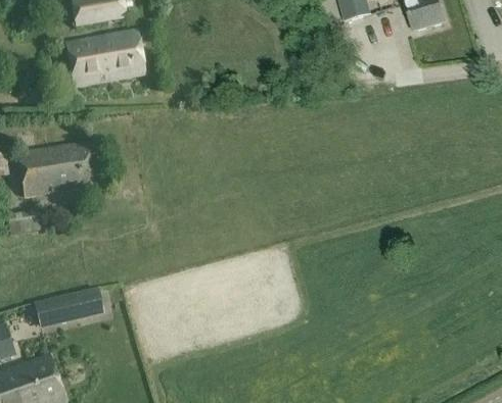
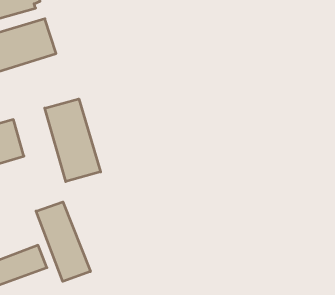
building: none -> [45,99,101,182]
building: none -> [36,202,90,281]

